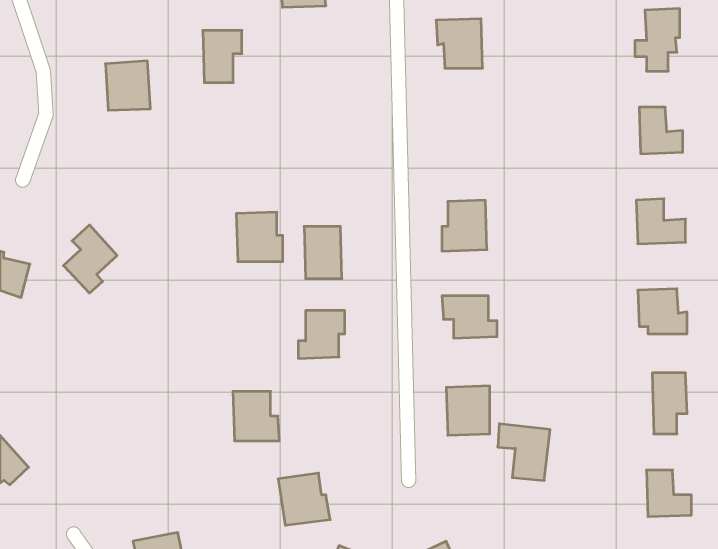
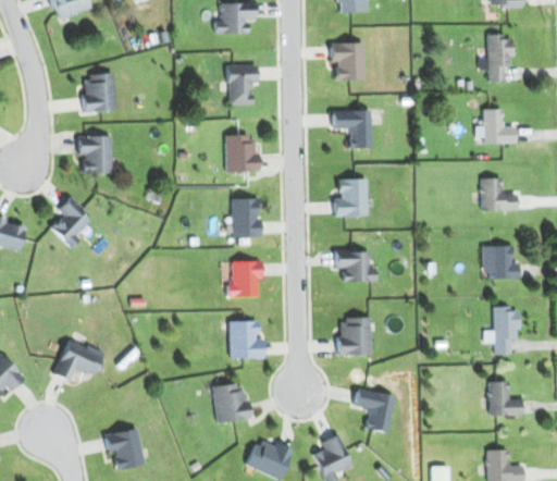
building: [203,30,242,83] -> [228,65,258,104]
building: none -> [333,110,372,149]
building: none -> [78,136,112,173]
building: [236,212,283,262] -> [225,135,260,172]
building: [233,391,279,441] -> [230,321,264,358]
building: none -> [53,337,103,382]
building: [498,424,550,480] -> [355,390,394,432]

